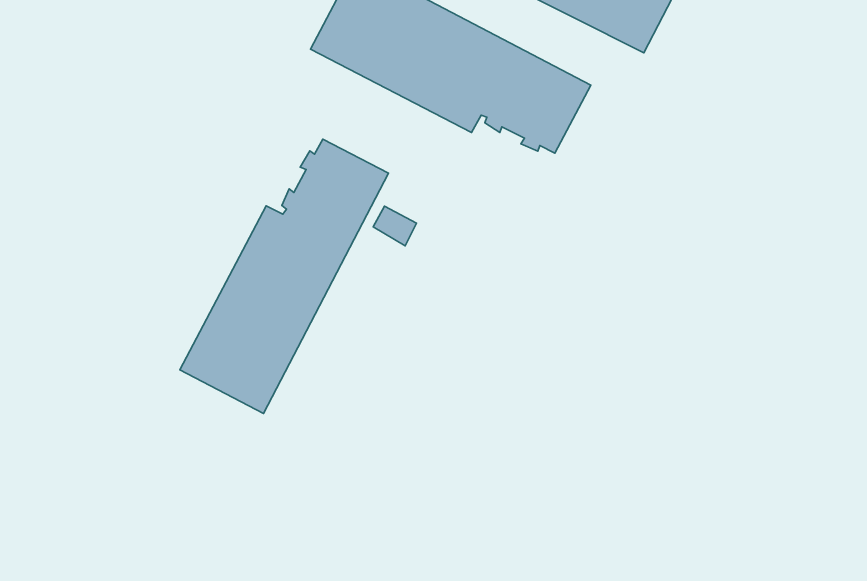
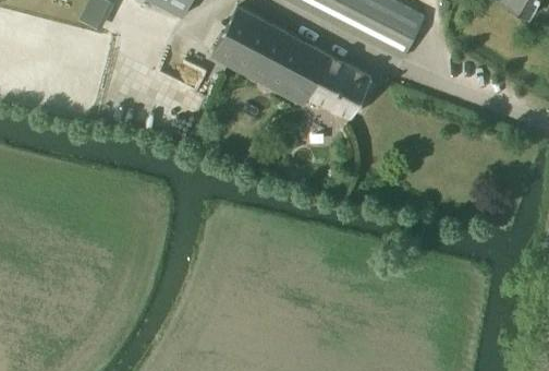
building: [180,139,389,414] -> none

